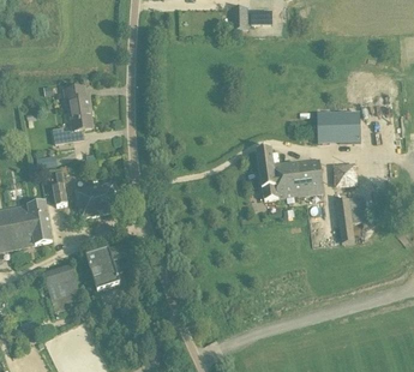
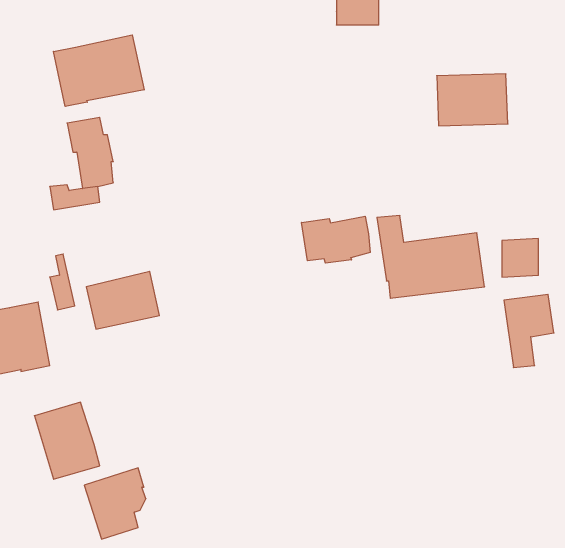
building: none -> [53,35,144,106]
building: [316,112,360,144] -> [437,74,508,126]
building: none -> [302,216,370,263]
building: [85,245,124,289] -> [84,468,146,539]

